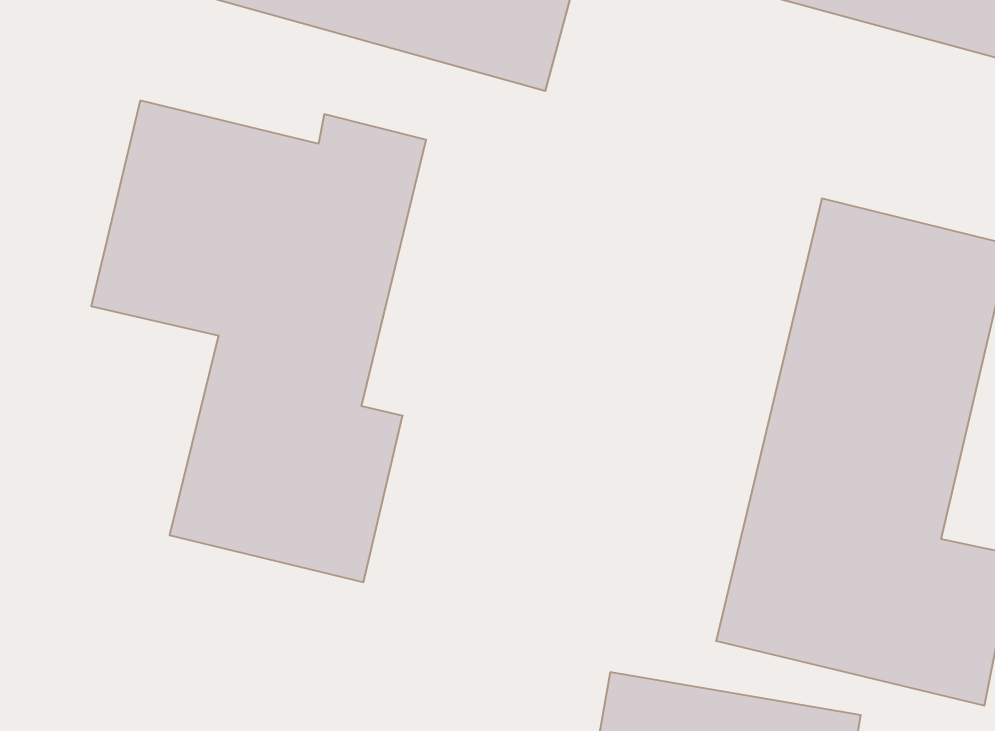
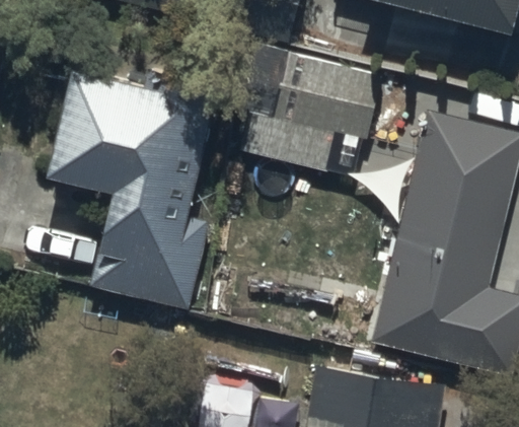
building: none -> [227,58,381,174]

